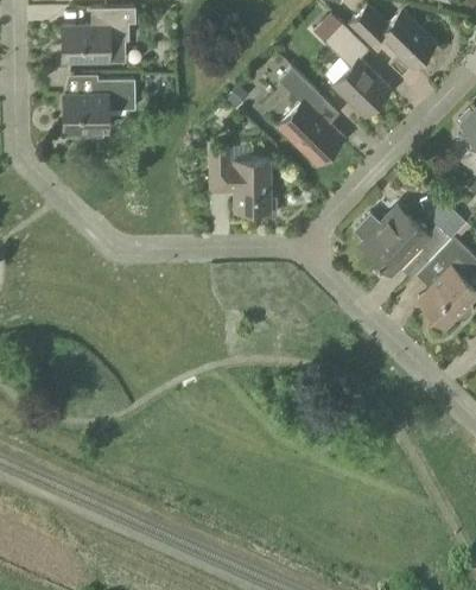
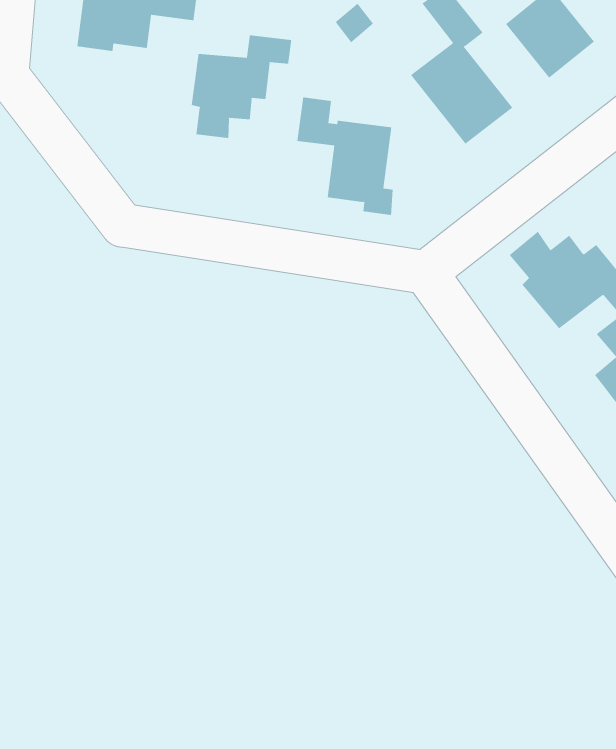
building: none -> [191,35,292,139]

